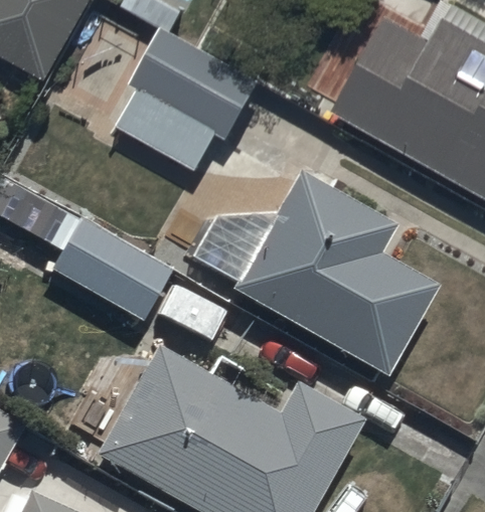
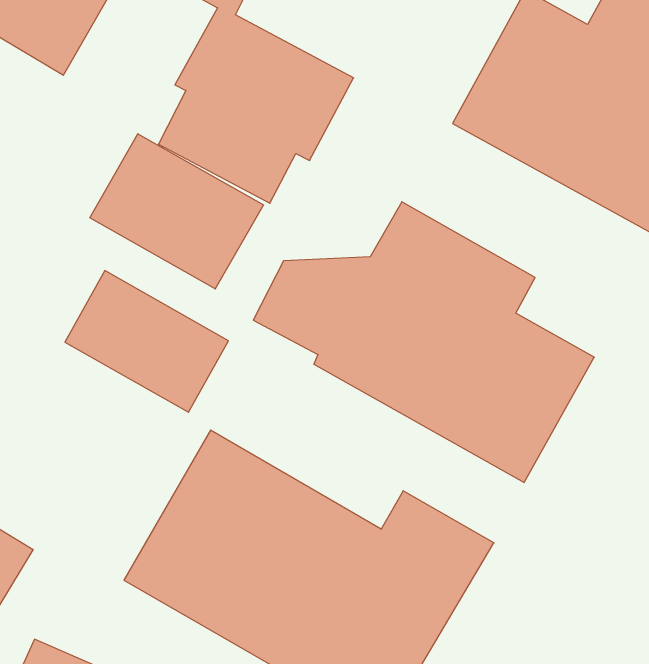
building: none -> [90,134,264,289]

